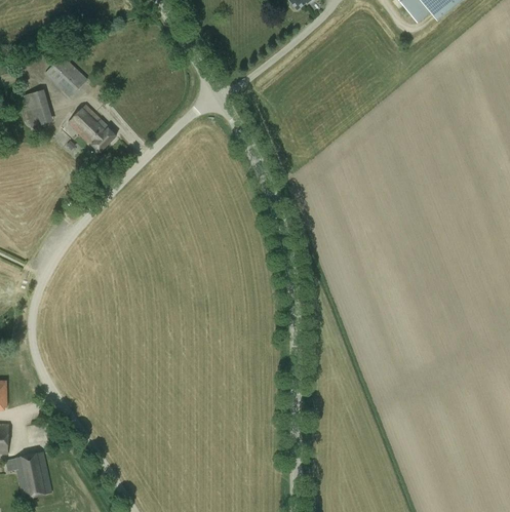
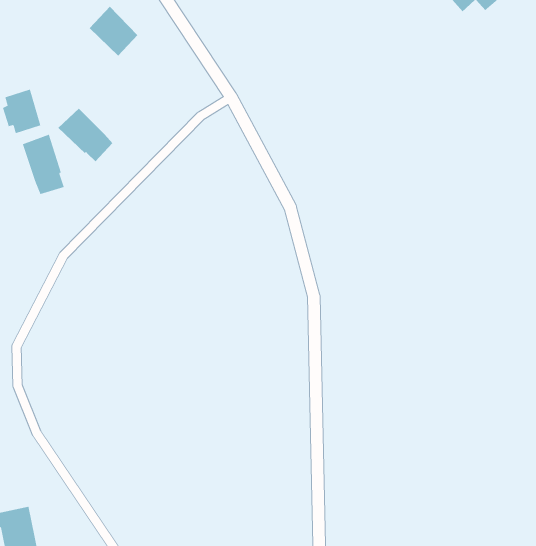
building: [43,53,86,97] -> [89,6,138,57]
building: none -> [22,134,64,195]

